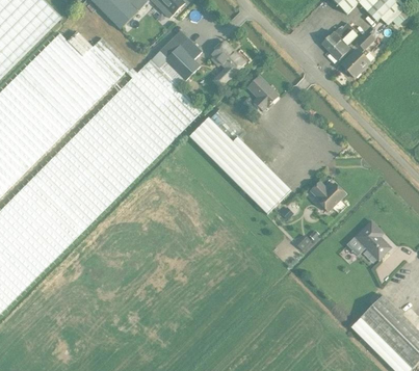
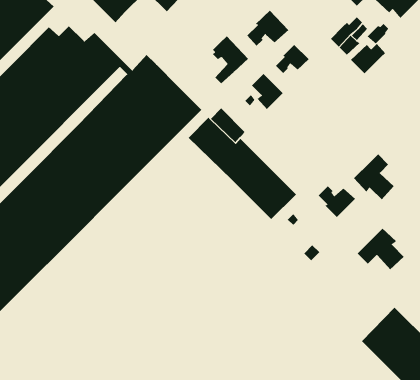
building: none -> [246,10,289,46]
building: [151,29,202,87] -> none
building: none -> [275,44,309,74]
building: none -> [353,154,395,200]

